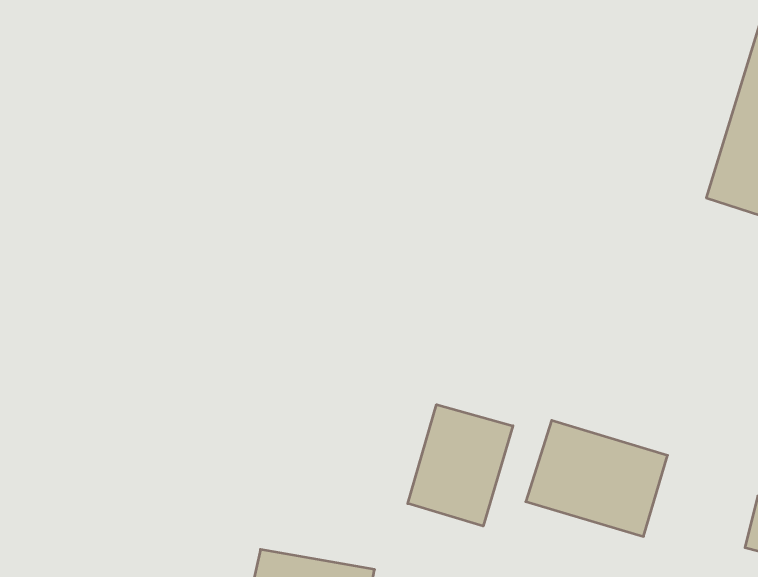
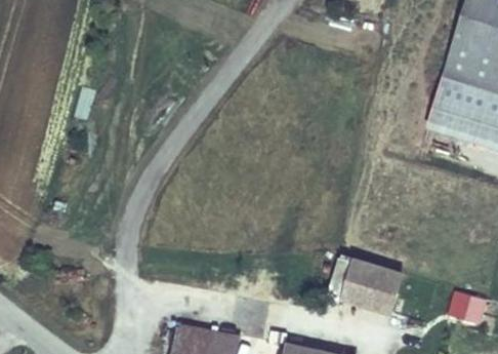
building: [408,405,513,526] -> none

